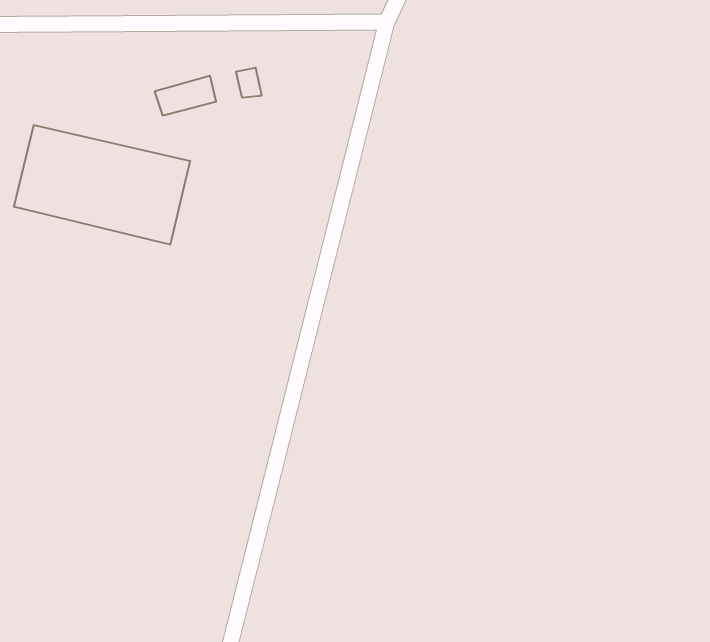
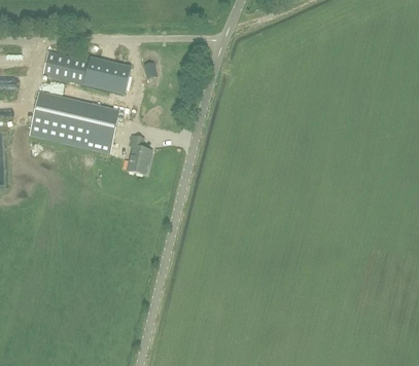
building: none -> [43,49,90,82]
building: none -> [128,134,152,173]

